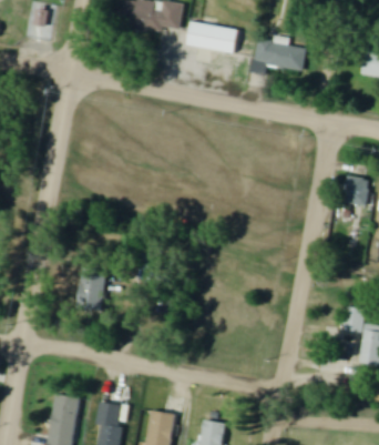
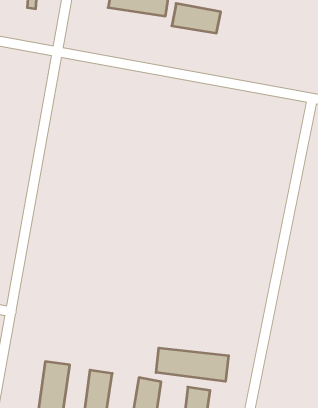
building: [250,38,306,75] -> none
building: [76,266,107,312] -> none
building: none -> [156,348,229,381]

